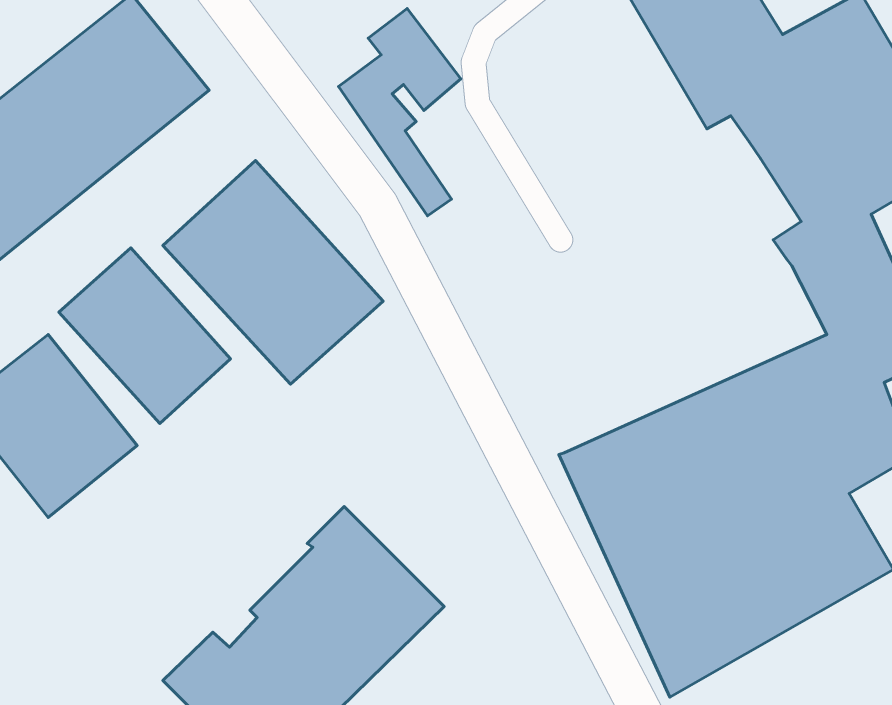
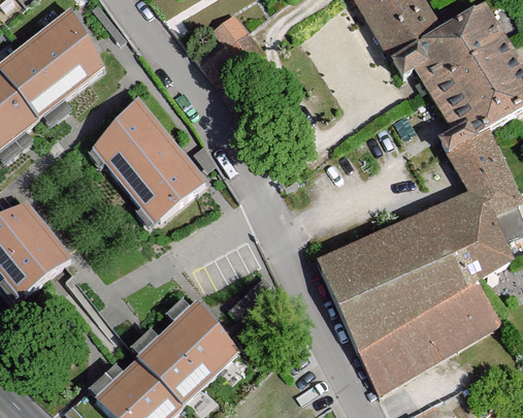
building: [59,248,230,424] -> none

